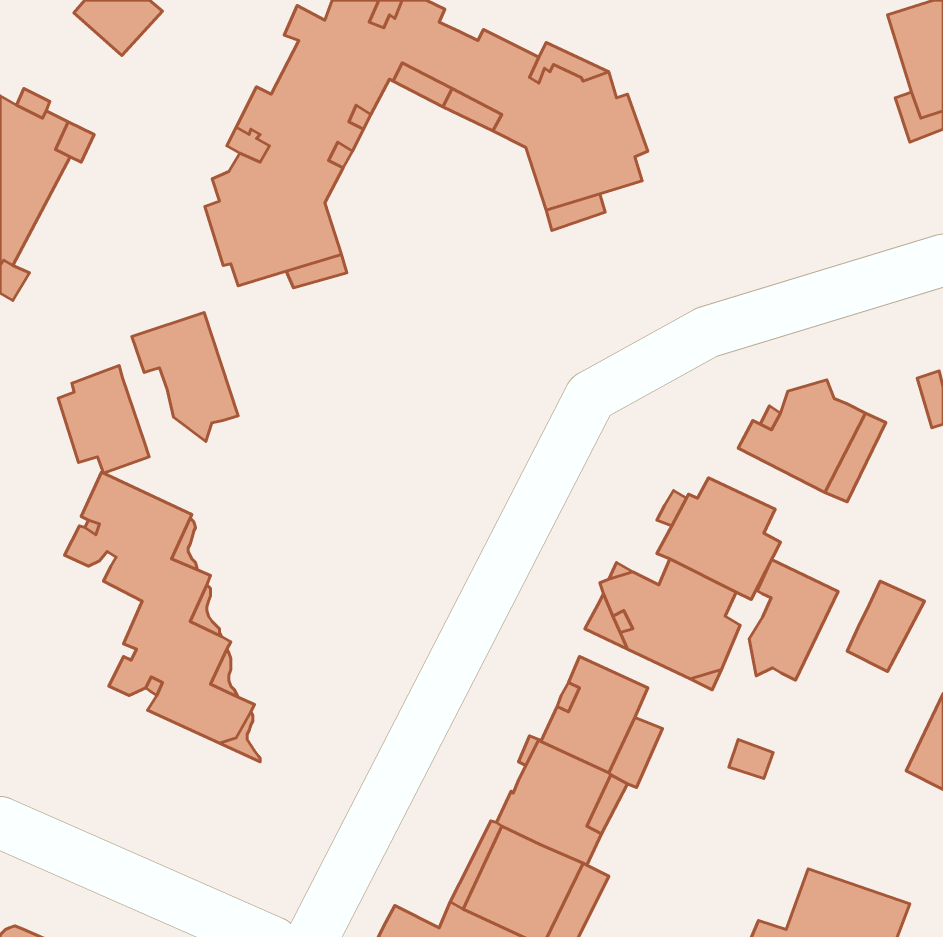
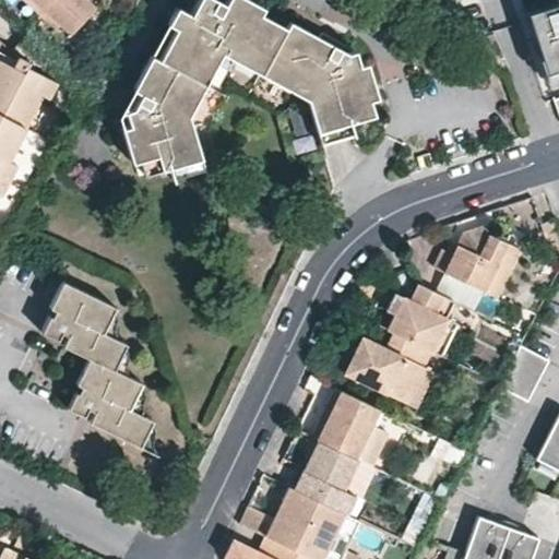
building: [132,313,238,442] -> none
building: [58,366,149,473] -> none
building: [749,560,838,680] -> none

